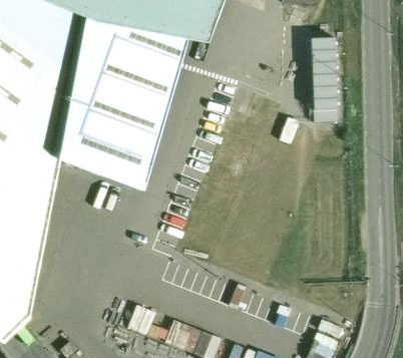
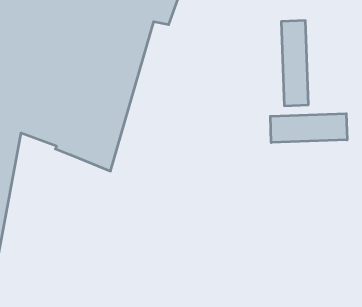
building: none -> [270,114,347,143]

